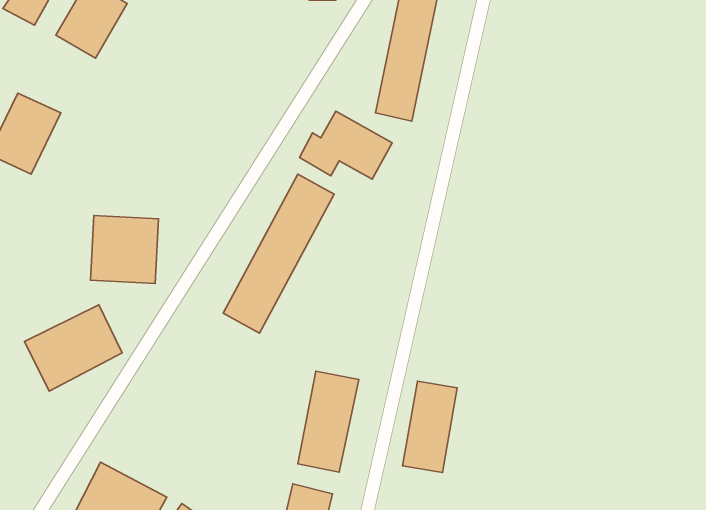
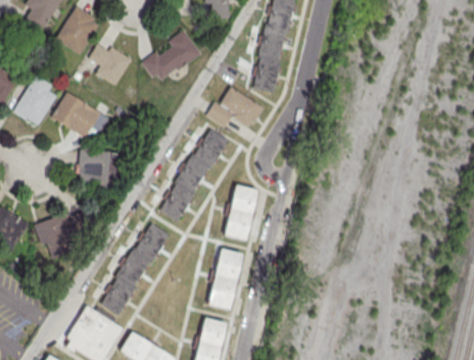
building: none -> [141,29,200,79]
building: none -> [88,43,131,84]
building: none -> [51,91,108,139]
building: none -> [100,219,168,317]
building: [403,381,457,472] -> [224,183,257,239]

